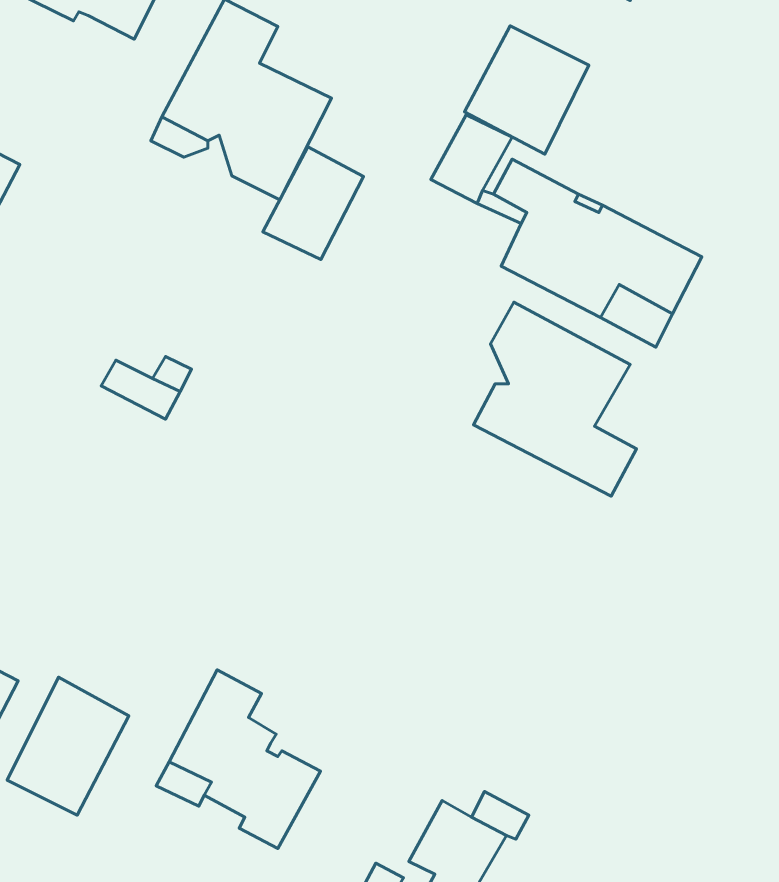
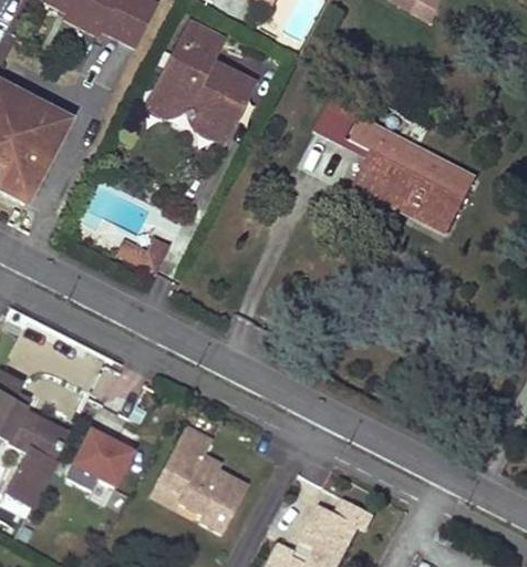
building: [465,26,589,154] -> none
building: [263,147,364,260] -> none
building: [474,302,637,496] -> none

